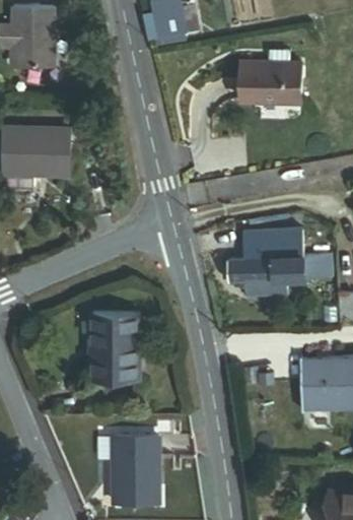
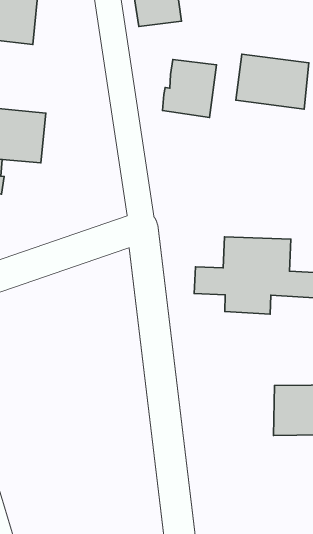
building: none -> [163,60,216,117]
building: [91,314,137,378] -> none
building: [113,436,158,502] -> none

